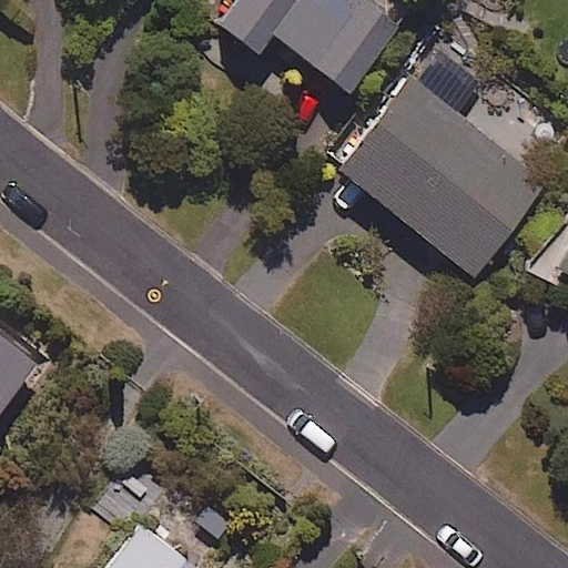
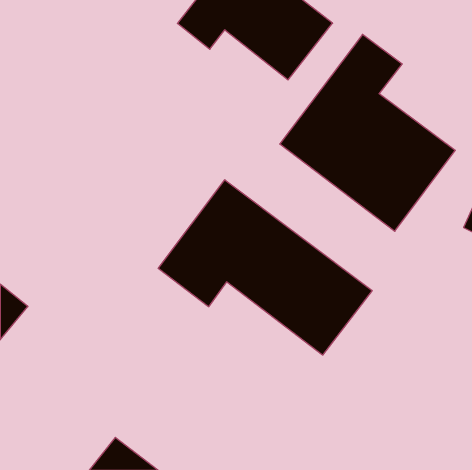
building: none -> [158,180,372,355]

